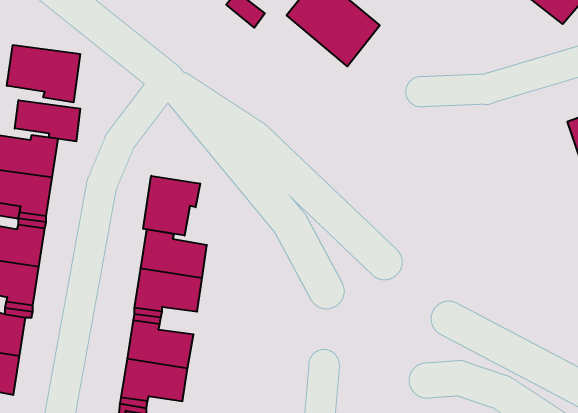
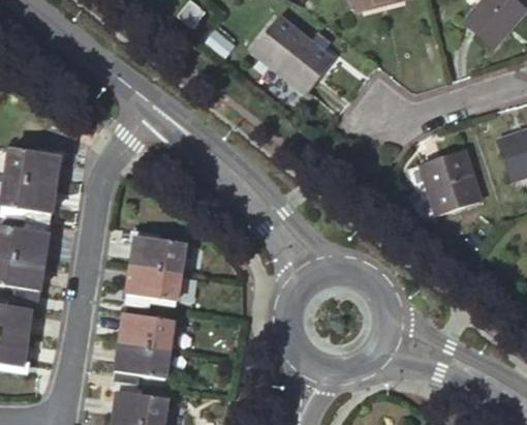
building: [7,45,80,102] -> none
building: [15,100,80,141] -> none
building: none -> [420,151,477,215]
building: [143,176,200,236] -> none

